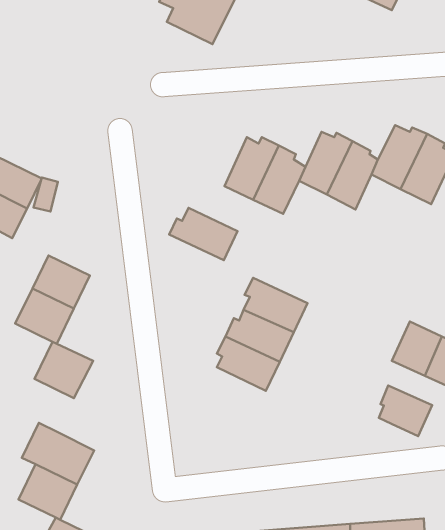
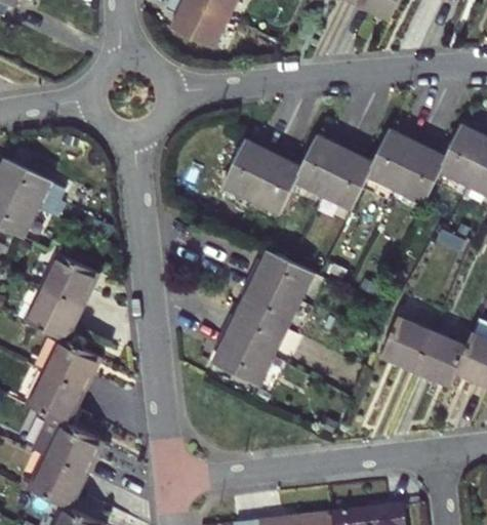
building: [169,208,238,260] -> [251,251,317,301]
building: none -> [25,374,79,426]
building: [379,386,432,436] -> none

